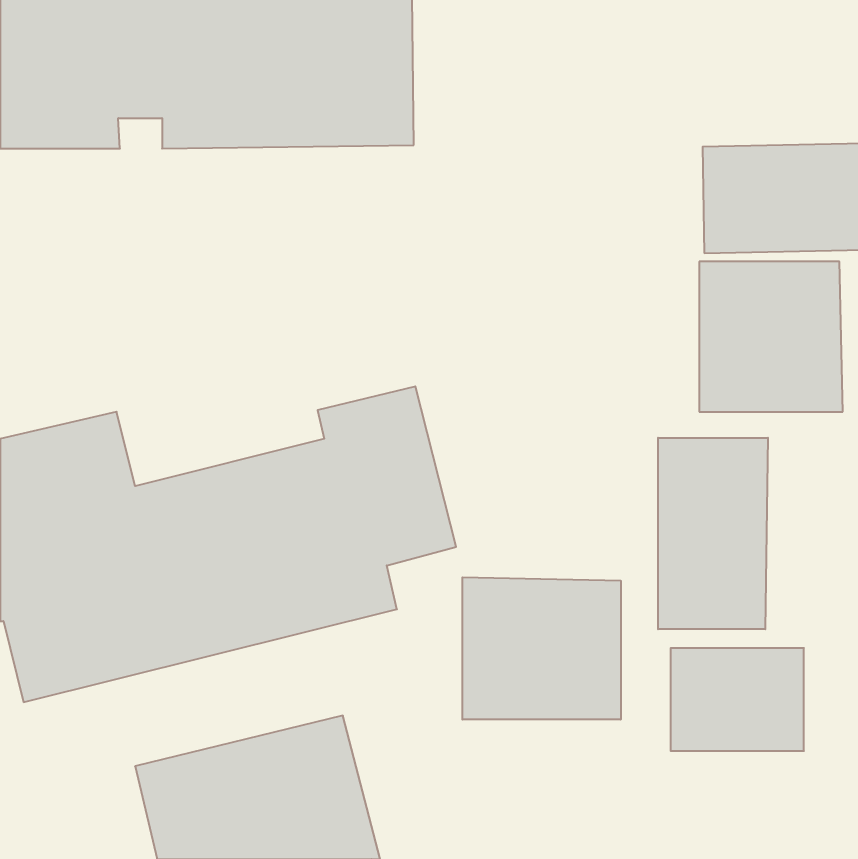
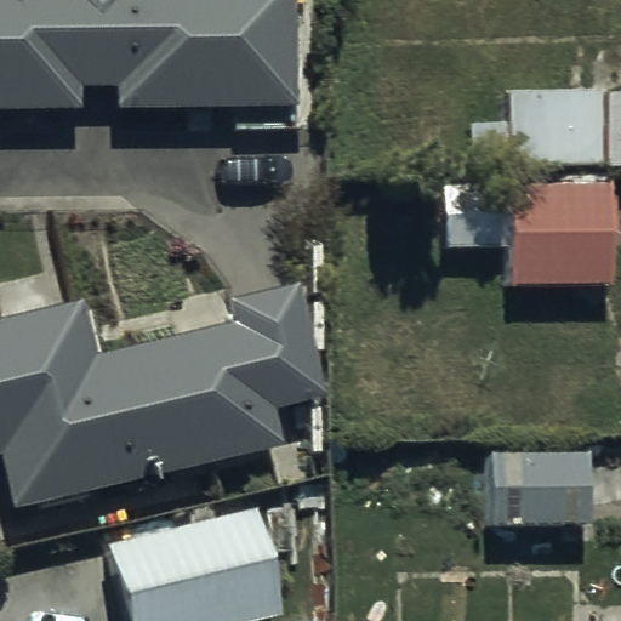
building: [658,438,768,629] -> none
building: [462,577,621,720] -> none

